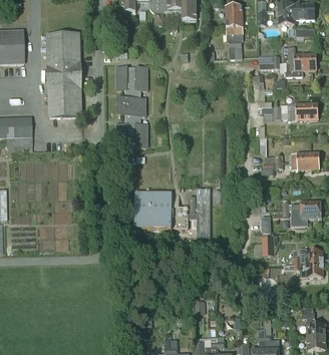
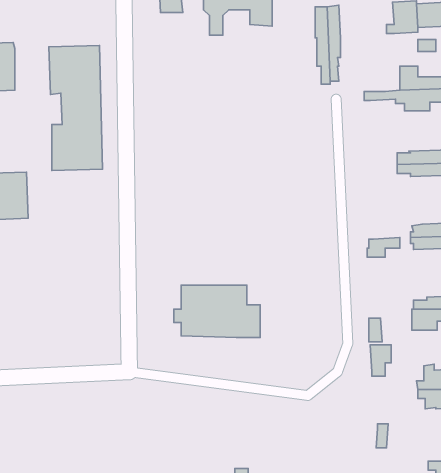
building: [116,66,146,146] -> none
building: [188,189,210,237] -> none

